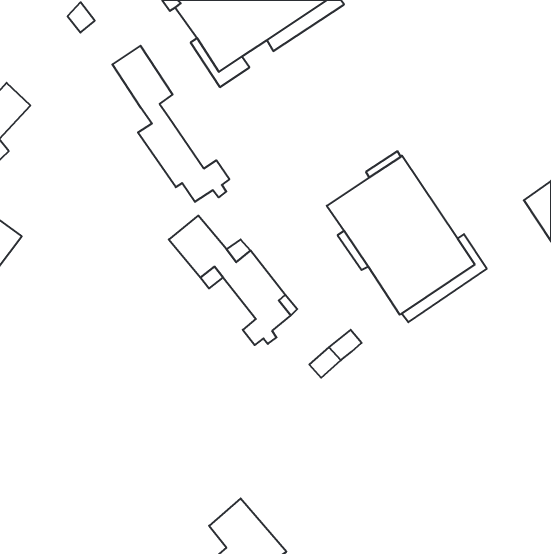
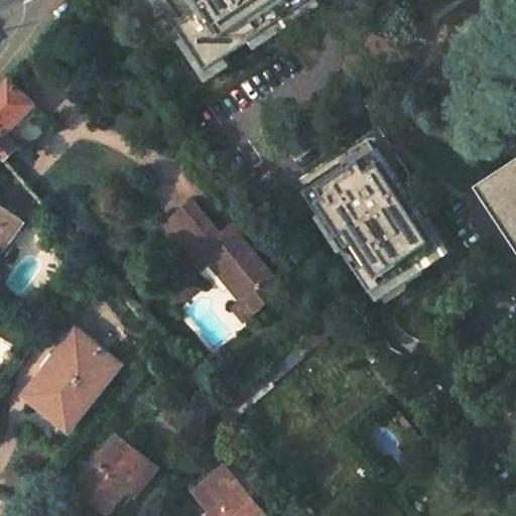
building: [112,46,229,202] -> none
building: none -> [29,333,114,430]
building: none -> [82,434,154,500]

